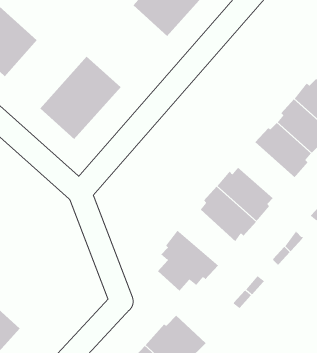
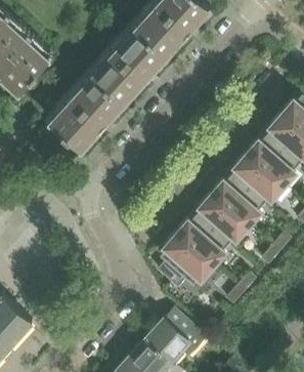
building: none -> [92,28,166,102]
building: none -> [230,153,283,204]
building: none -> [175,214,228,265]

